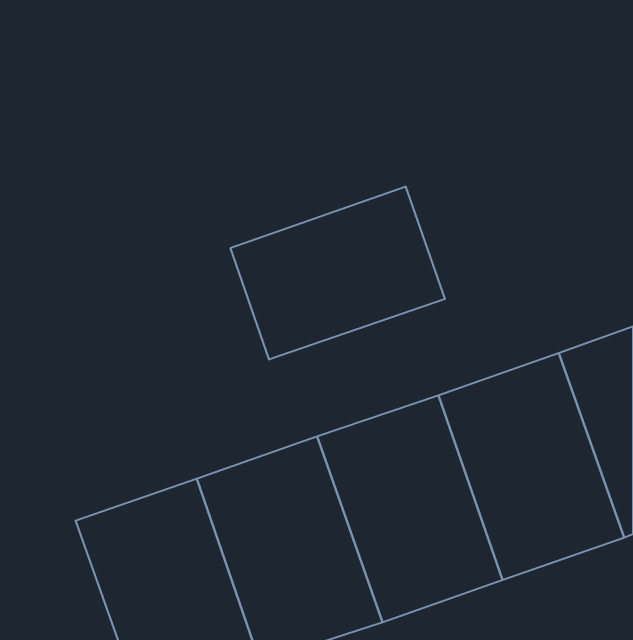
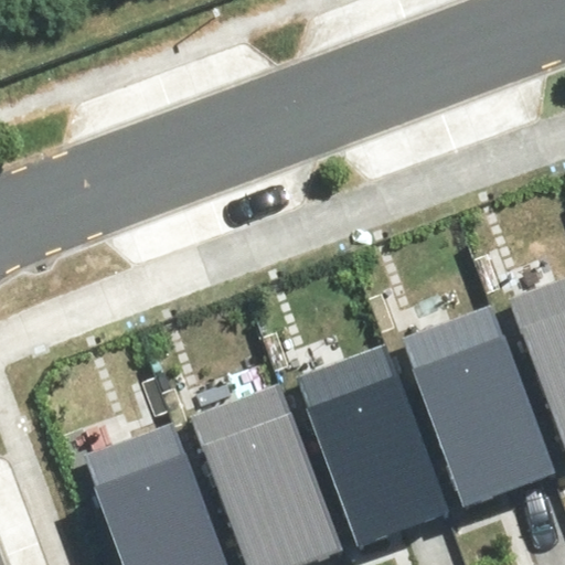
building: [231,186,445,360] -> none

